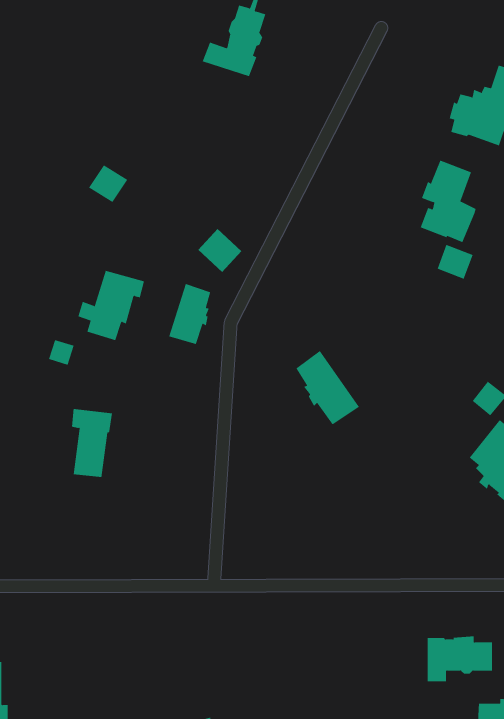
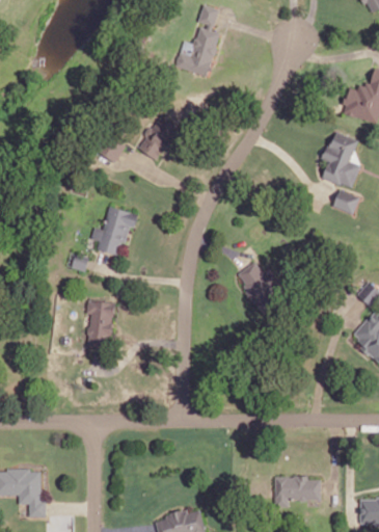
building: [198,228,242,273] -> [137,132,167,162]
building: [169,283,211,345] -> none
building: [427,636,493,682] -> [275,475,320,506]

